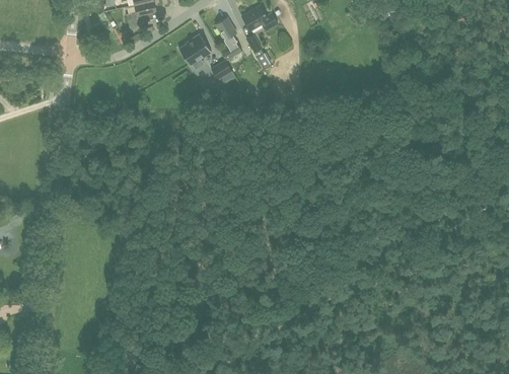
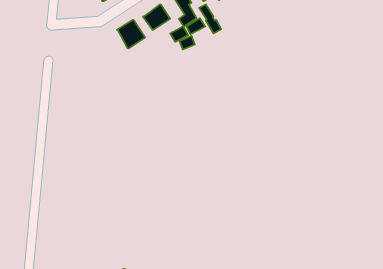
building: none -> [117,20,145,48]

